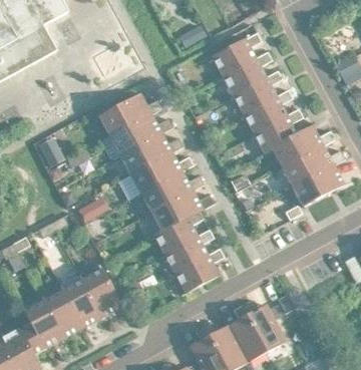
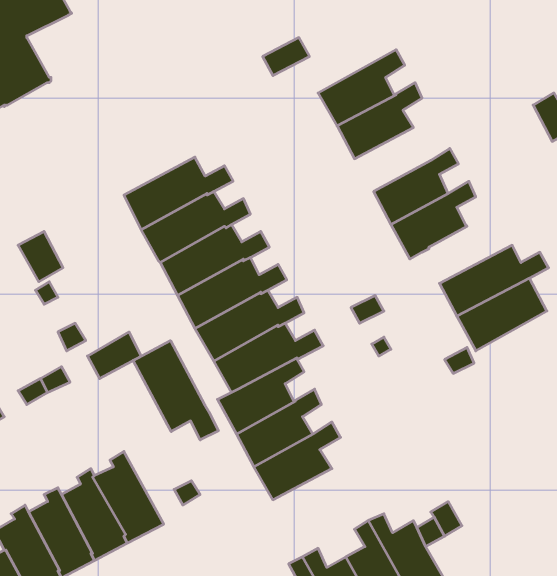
building: [232,70,282,114] -> none
building: [271,125,334,167] -> none
building: none -> [133,341,218,440]

